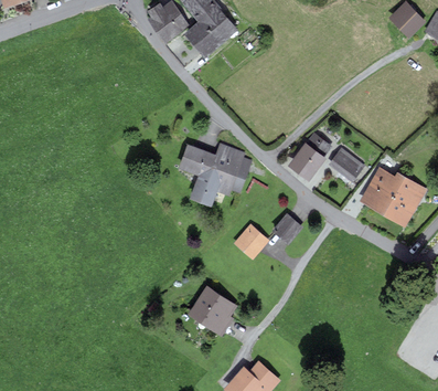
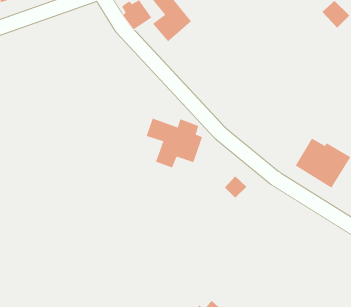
building: [288,131,332,180] -> none
building: [331,147,366,181] -> none
building: [236,224,268,256] -> none
building: [188,286,237,335] -> none

